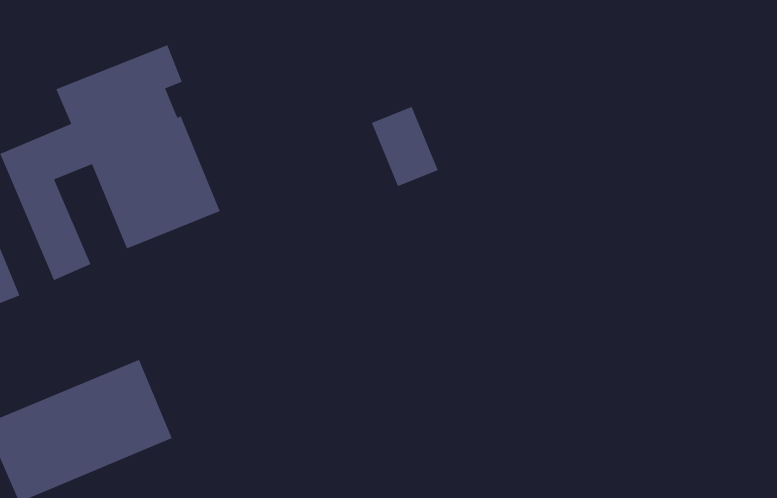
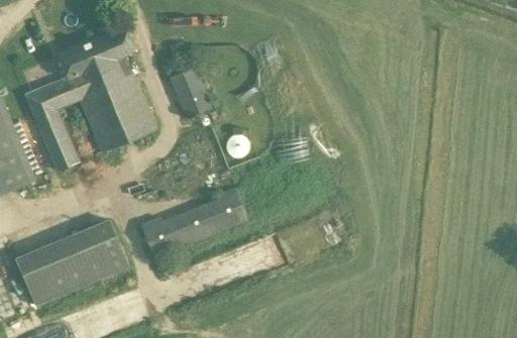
building: [371,106,439,187] -> [170,68,211,117]
building: none -> [140,187,248,257]

